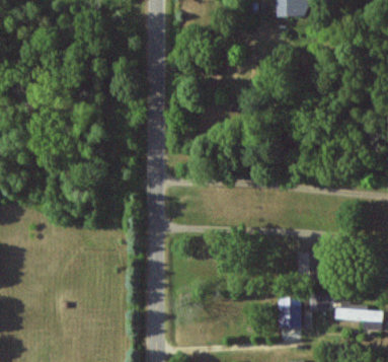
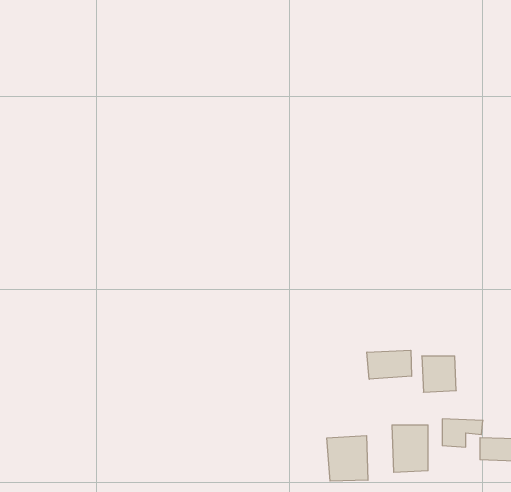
building: none -> [367,350,412,379]
building: none -> [327,436,368,481]

